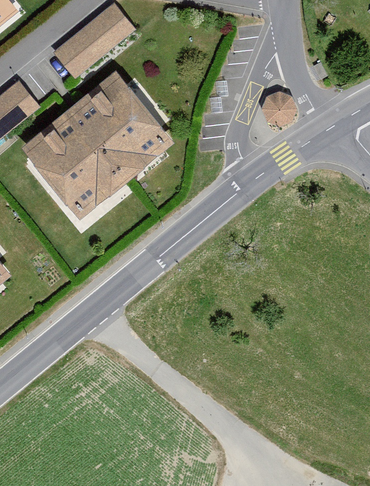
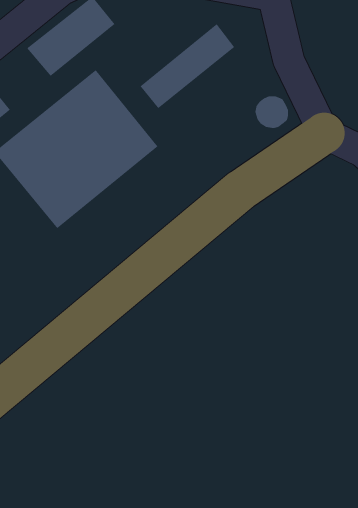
building: none -> [139,23,235,109]

